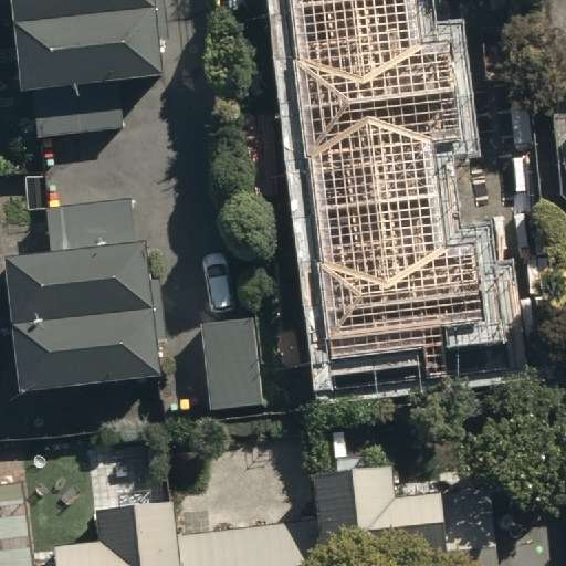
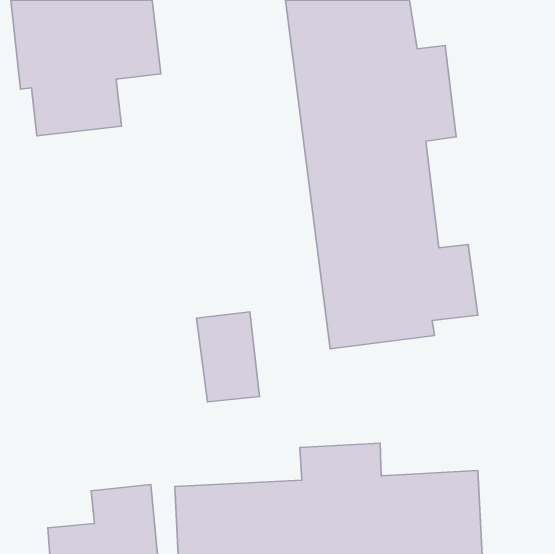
building: [6,202,161,391] -> none

